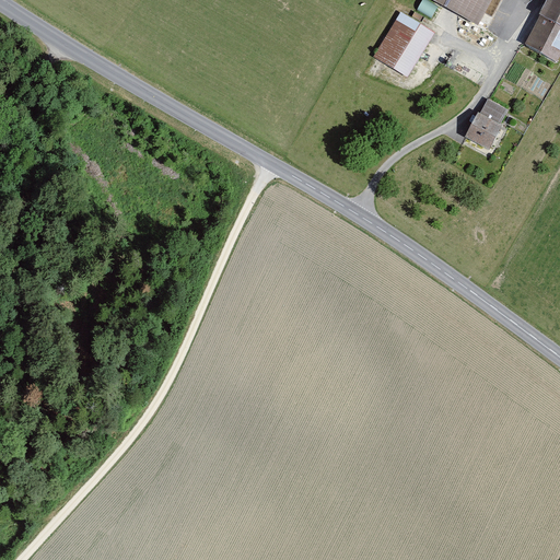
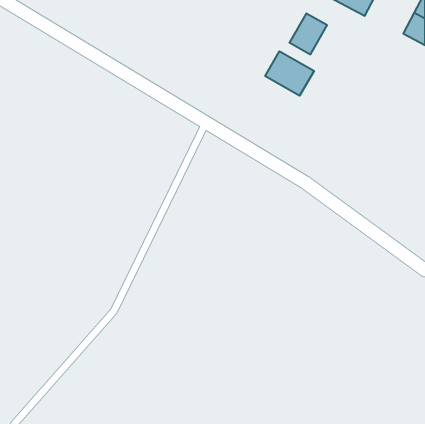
building: none -> [265,51,314,96]
building: [468,101,504,144] -> none

